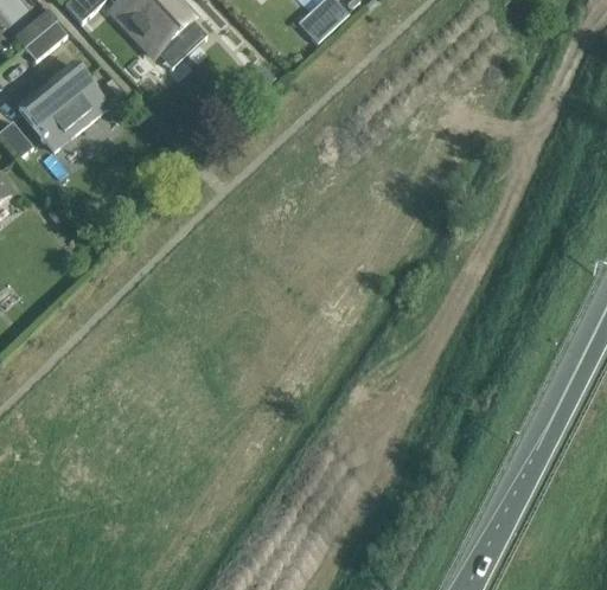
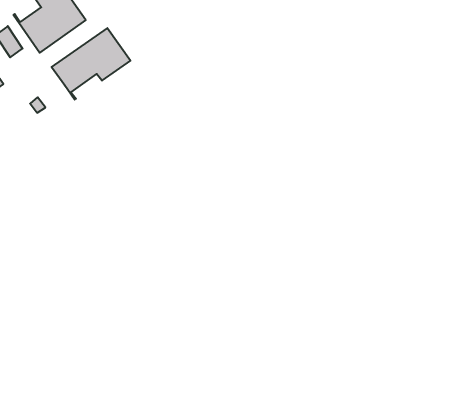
building: none -> [52,28,130,100]

